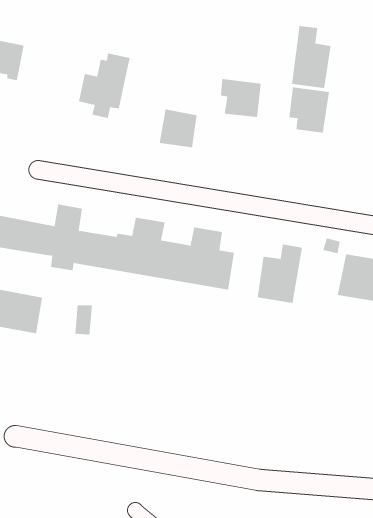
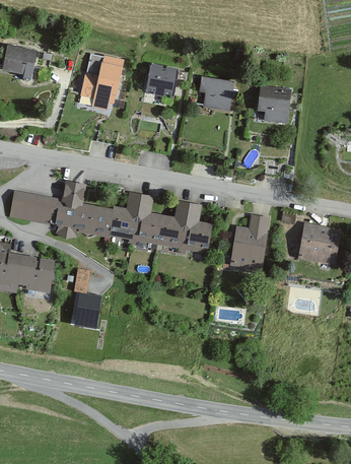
building: [292,25,331,89] -> none
building: [159,109,198,148] -> [143,64,176,96]
building: none -> [77,291,106,329]

